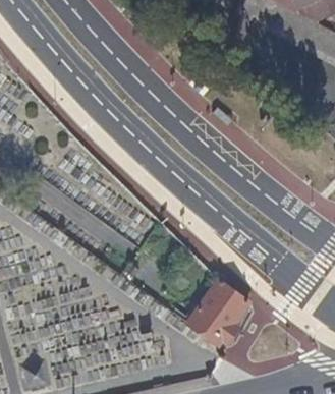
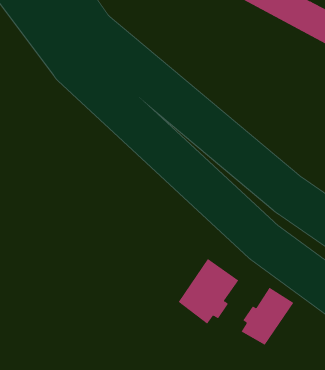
building: none -> [241,287,294,346]

